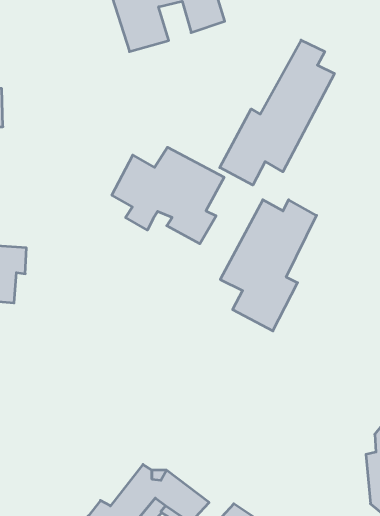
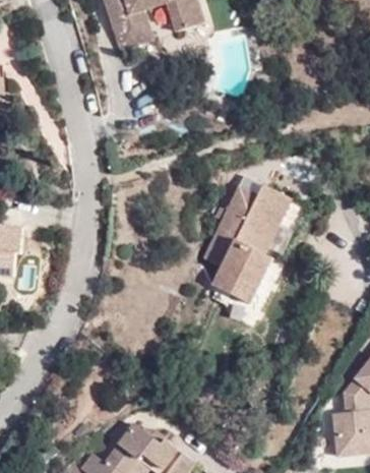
building: [220,40,334,185] -> none
building: [112,147,224,244] -> none

